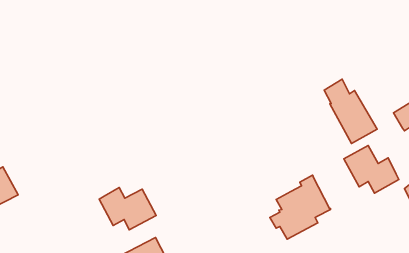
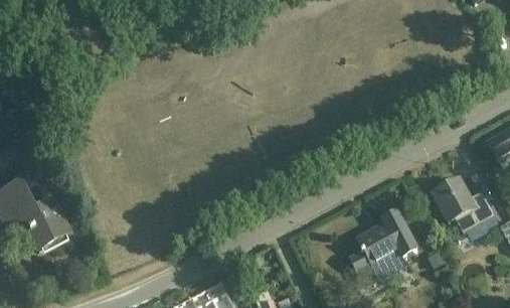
building: [324,79,377,143] -> none
building: [99,187,156,230] -> none

